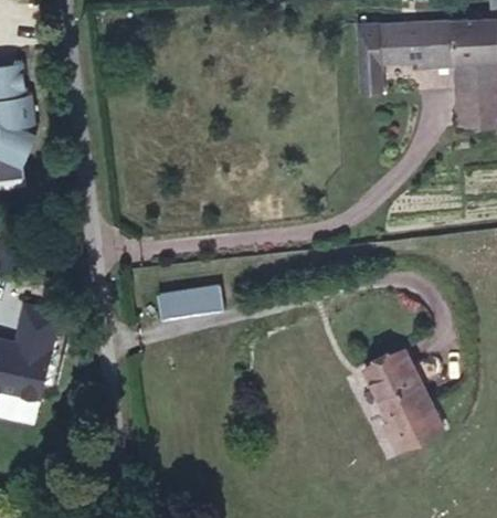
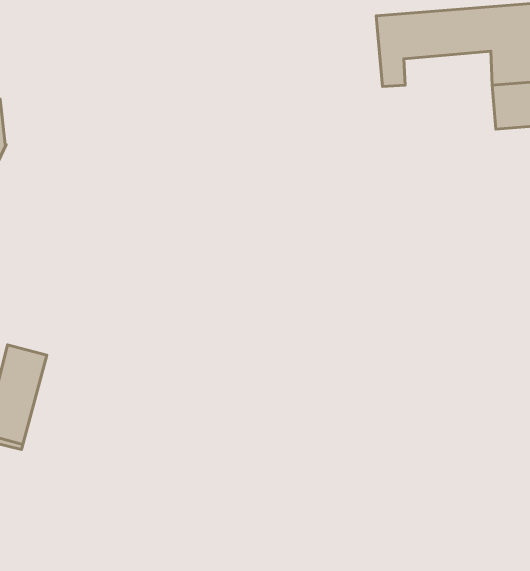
building: [157,289,224,325] -> none
building: [357,350,437,459] -> none

